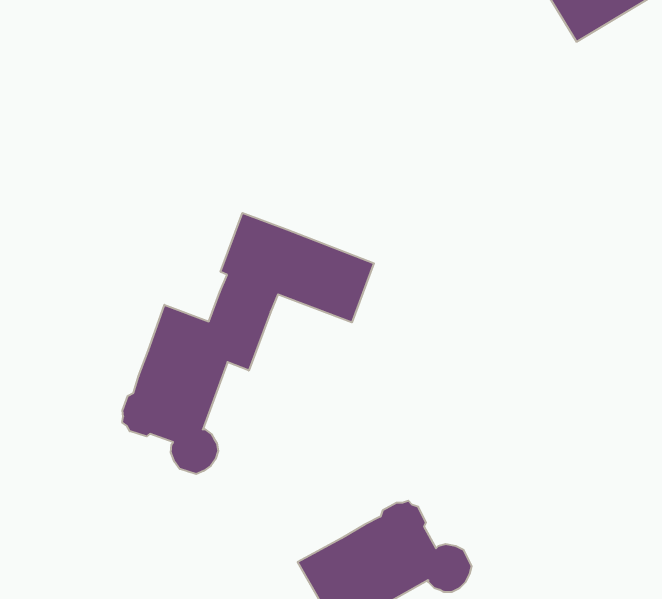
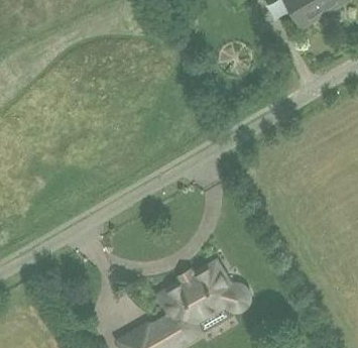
building: [122,213,374,474] -> none

